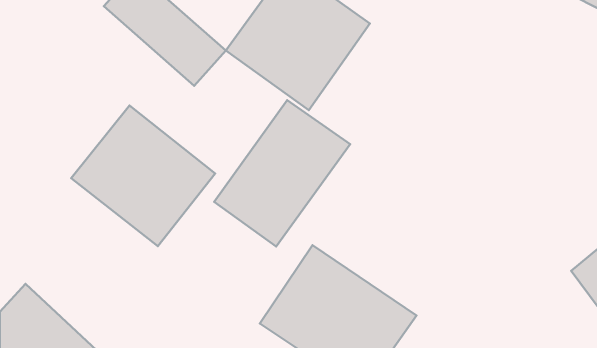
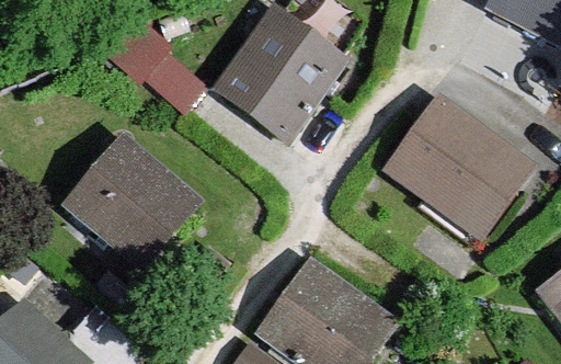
building: none -> [385,95,533,238]
building: [214,100,350,247] -> none

